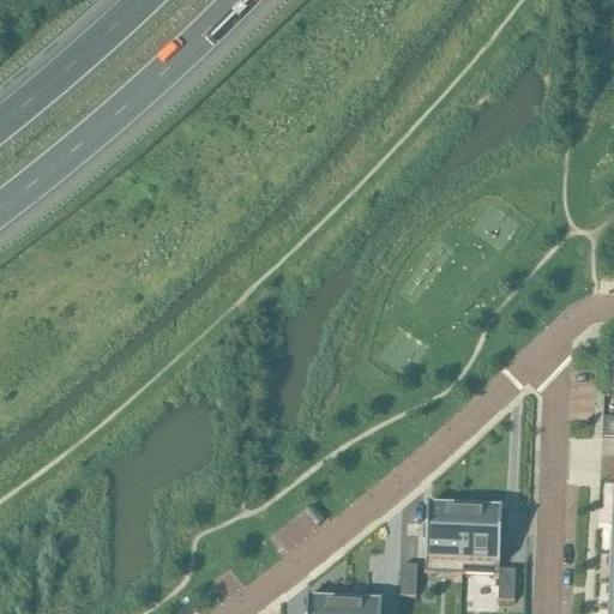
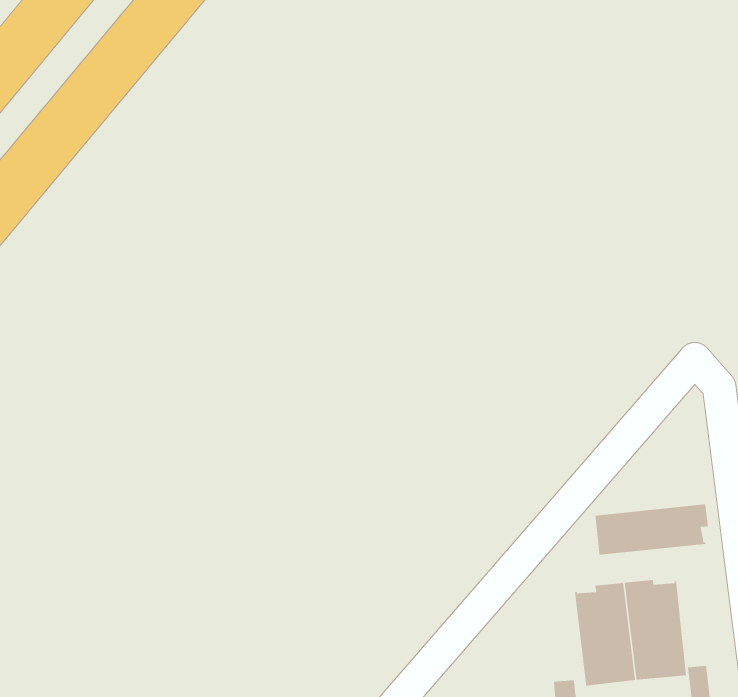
building: none -> [595,504,709,556]

